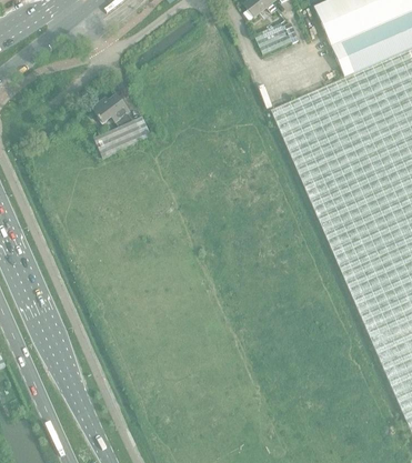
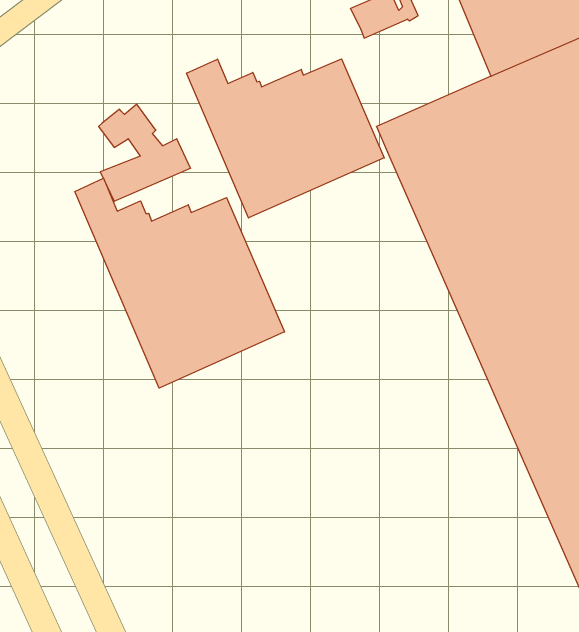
building: none -> [187,59,384,218]
building: none -> [75,178,285,388]

